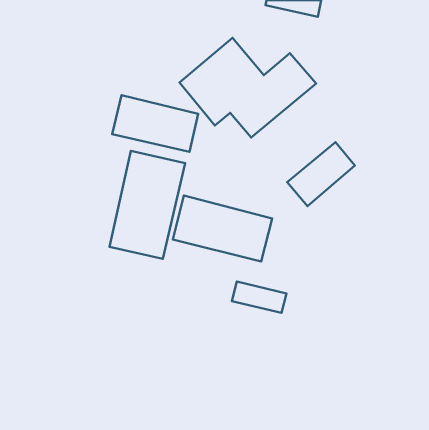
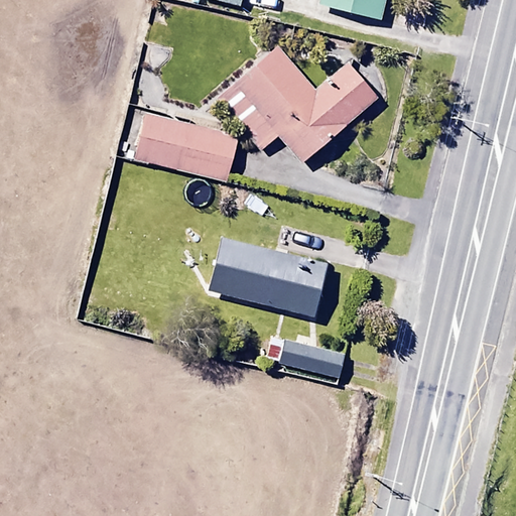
building: [287,142,355,206] -> none
building: [110,151,185,259] -> none

